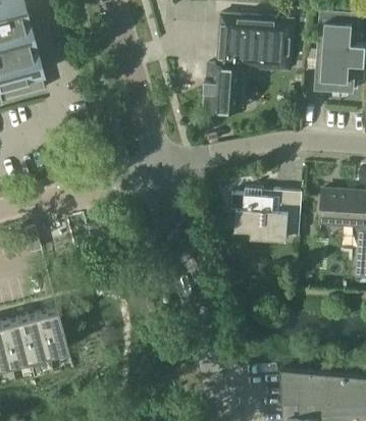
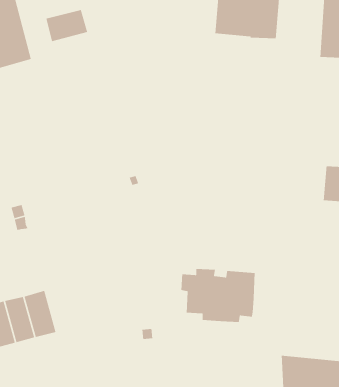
building: none -> [45,9,88,42]
building: [206,65,252,110] -> none
building: [231,189,303,241] -> [180,268,256,323]

